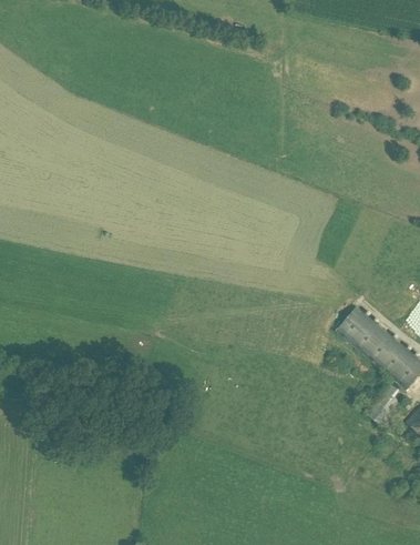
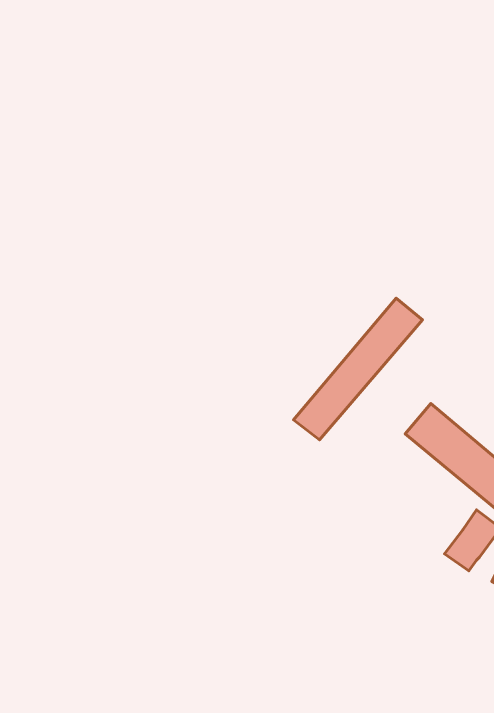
building: none -> [294,298,422,440]

